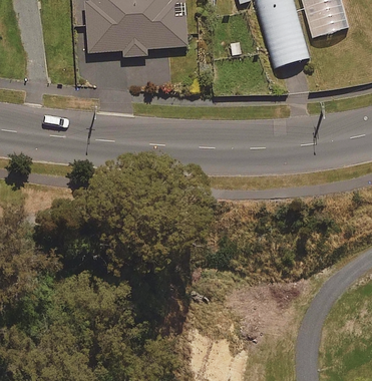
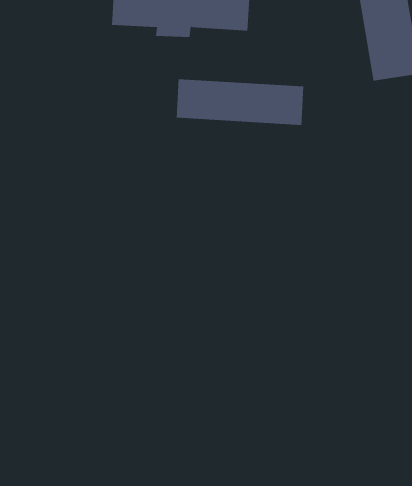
building: none -> [176,79,304,126]

